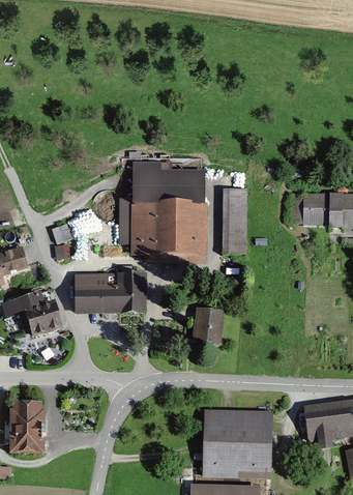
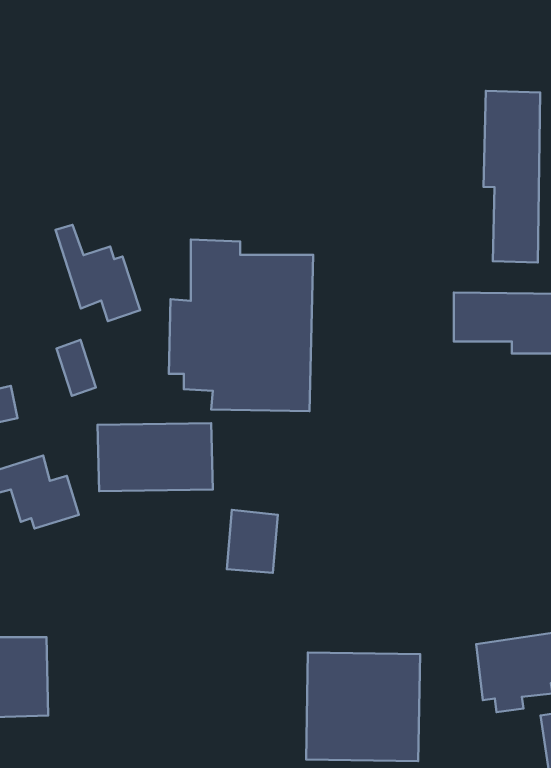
building: none -> [484,91,540,263]
building: none -> [55,225,140,321]
building: [223,187,245,253] -> none
building: [193,305,224,344] -> [227,510,278,573]

